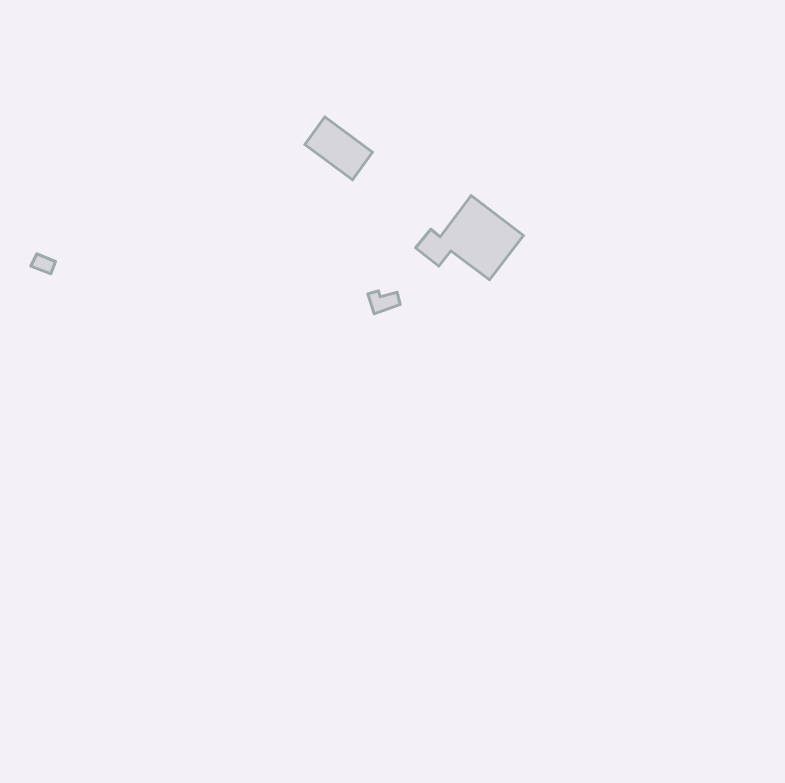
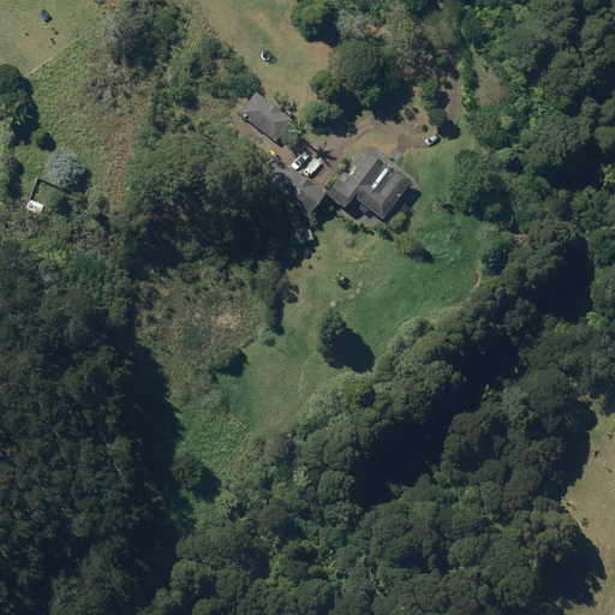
building: none -> [259,155,326,220]

